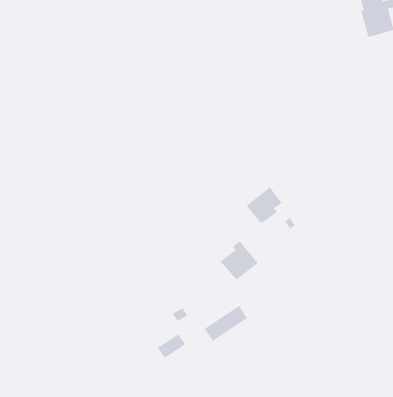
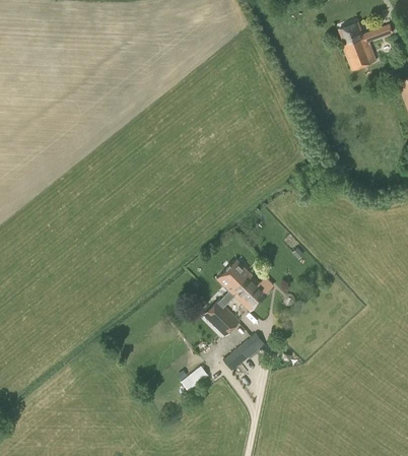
building: [246,187,283,223] -> [215,259,250,295]
building: none -> [203,300,239,336]

